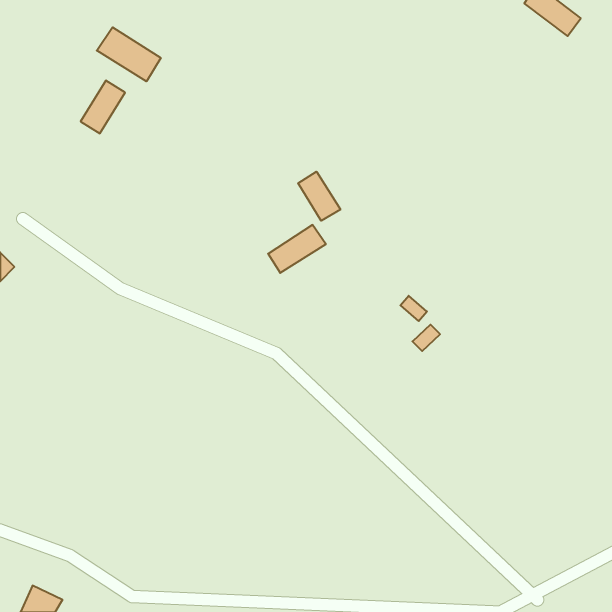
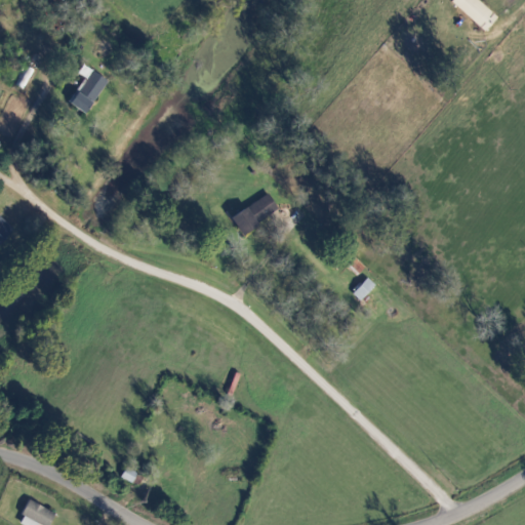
building: [97,27,161,81] -> none
building: [298,172,340,221] -> none

